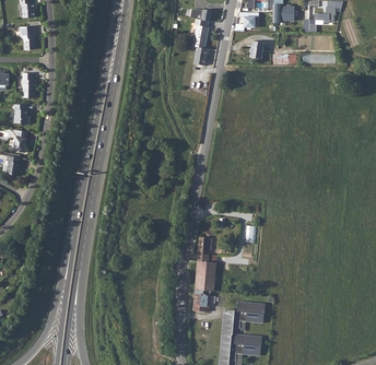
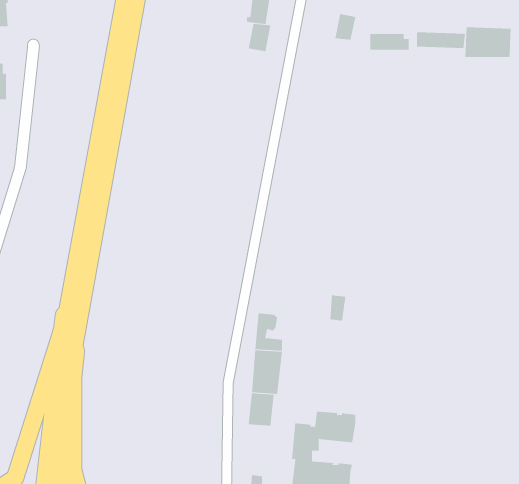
building: none -> [465,27,511,58]

